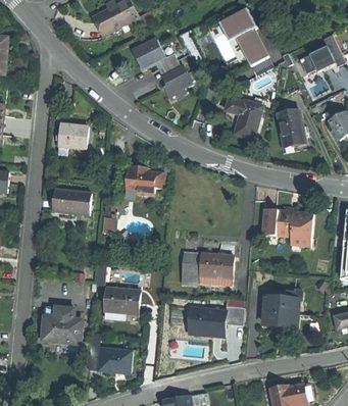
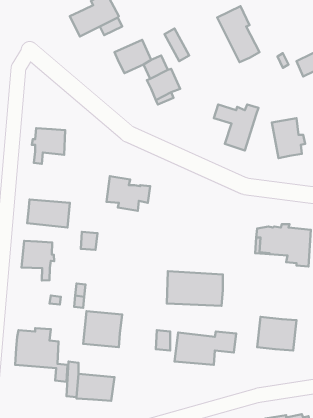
building: none -> [22,241,54,280]

